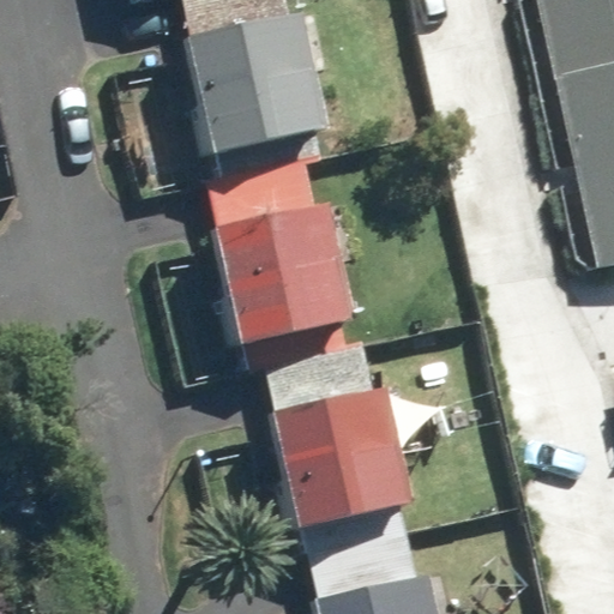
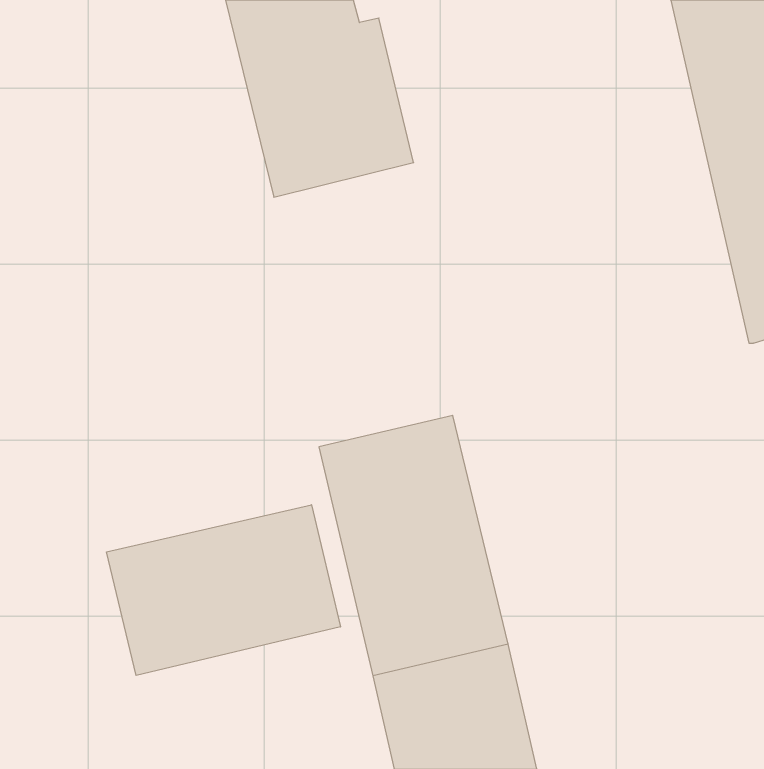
building: [200,151,354,354] -> none
building: none -> [107,505,340,675]

